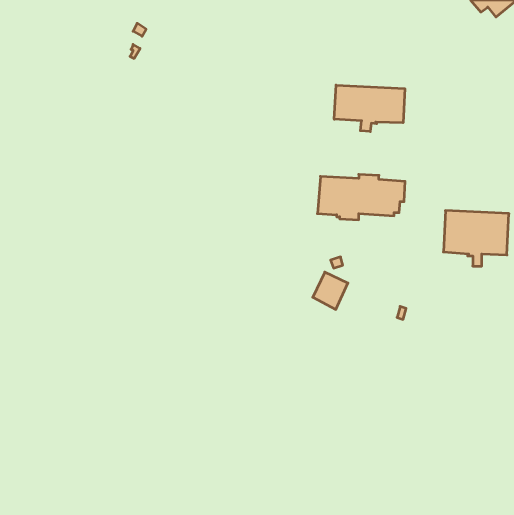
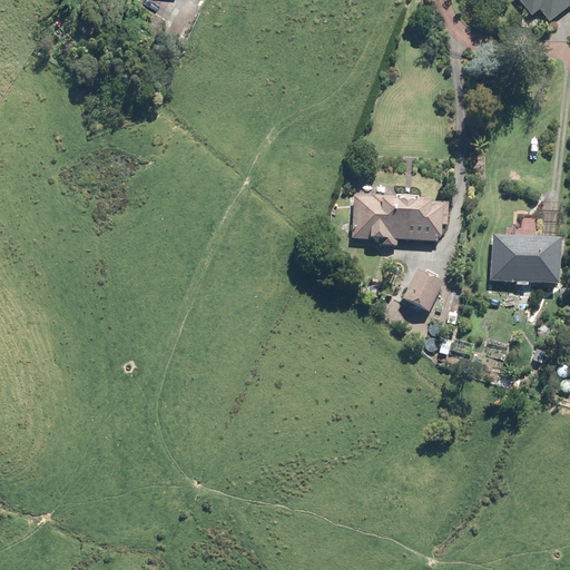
building: [334,85,405,132] -> none
building: [313,272,348,309] -> [403,268,442,309]

